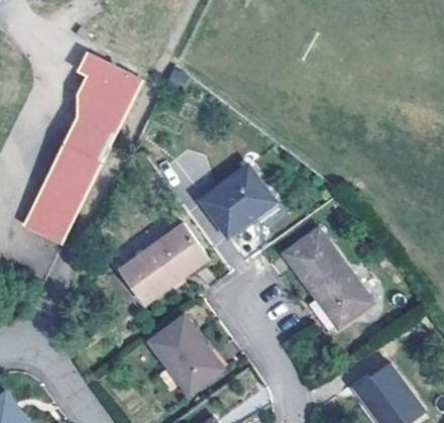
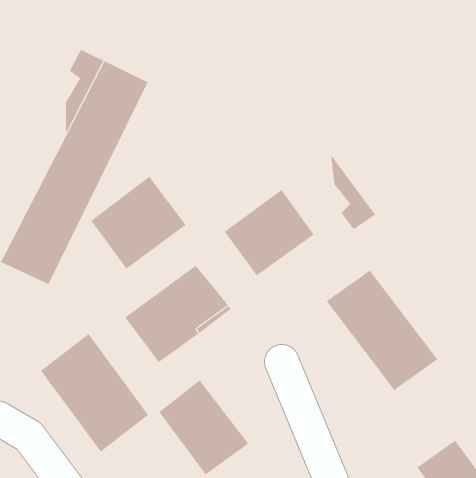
building: none -> [330,153,376,230]
building: none -> [91,176,186,270]
building: none -> [40,333,149,453]

